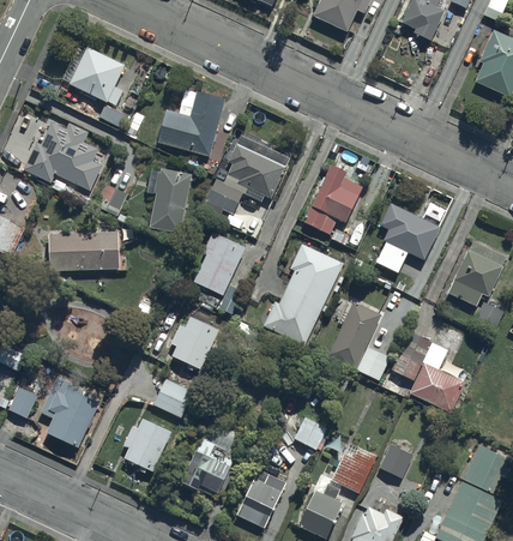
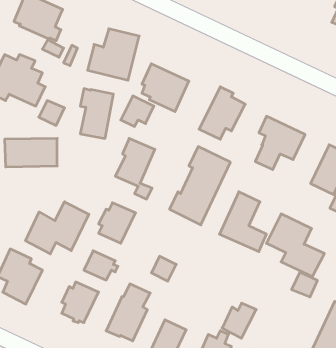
building: none -> [26,202,89,254]
building: [294,415,326,447] -> [151,256,176,281]
building: [379,444,412,476] -> [292,272,317,297]

